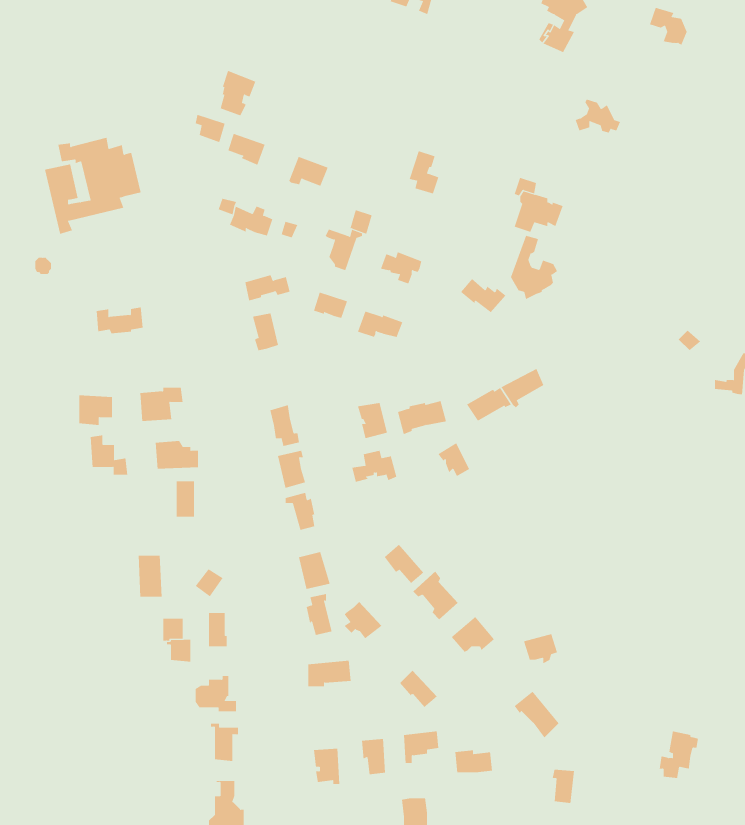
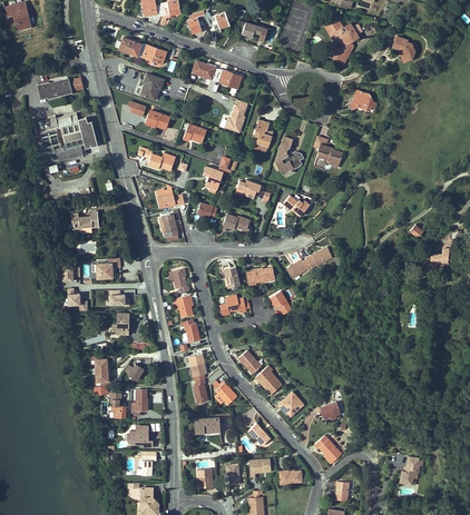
building: none -> [119,38,166,65]
building: none -> [193,60,241,90]
building: none -> [38,76,84,98]
building: none -> [222,98,247,132]
building: [510,235,558,300] -> [275,137,303,175]

